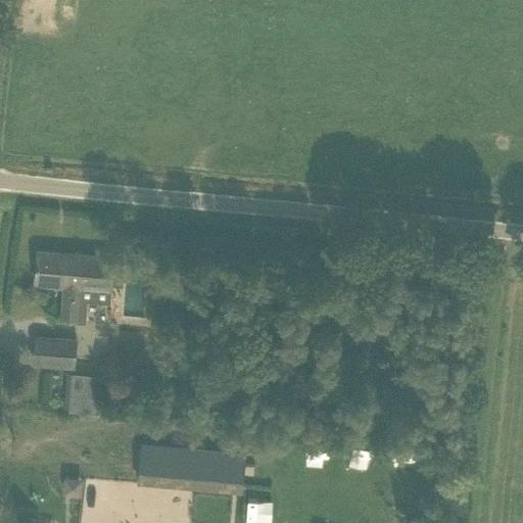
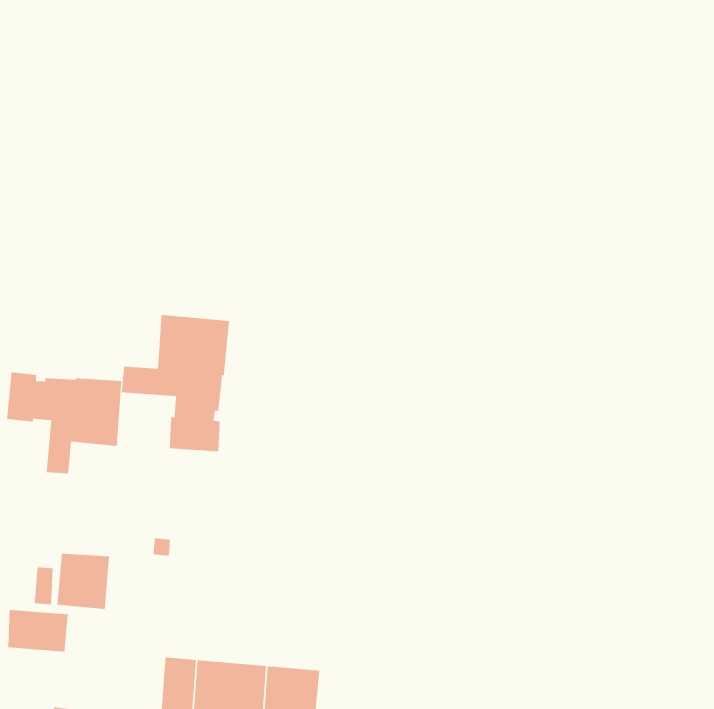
building: none -> [121,314,230,452]
building: [35,340,76,369] -> [7,609,68,652]

